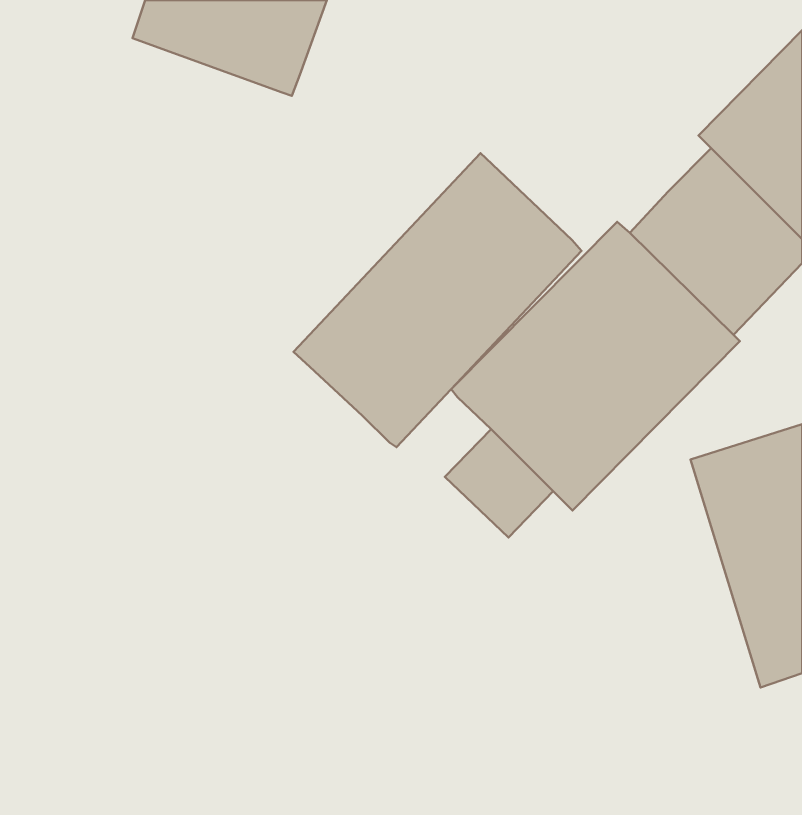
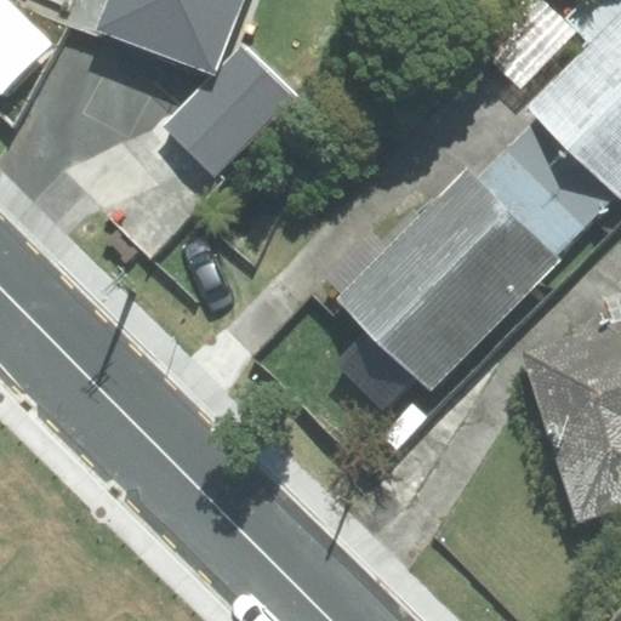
building: none -> [163,44,294,176]
building: [294,153,582,447] -> none

